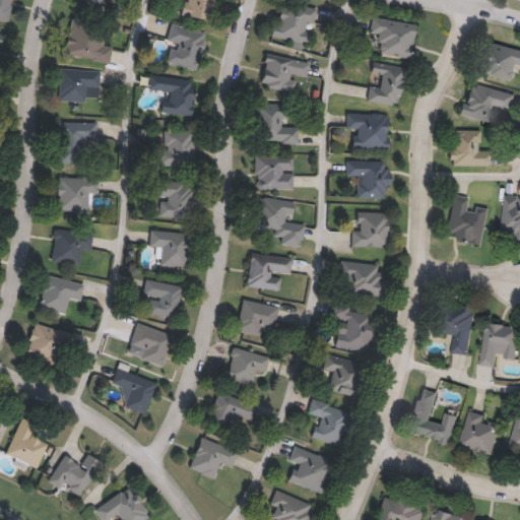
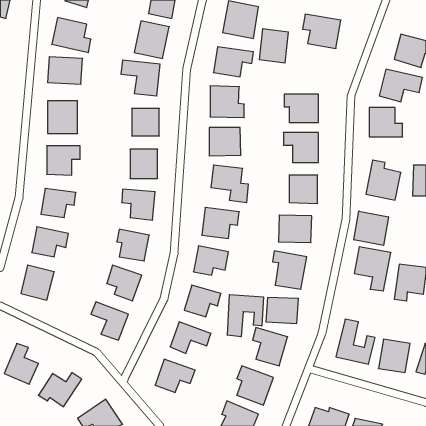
building: [367,65,402,107] -> [259,29,288,63]
building: none -> [354,211,388,245]
building: none -> [227,295,263,337]

